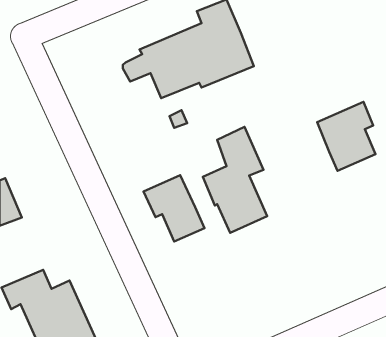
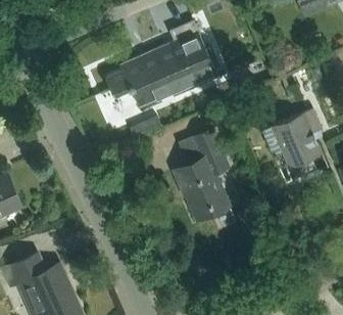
building: [144,175,204,241] -> none

